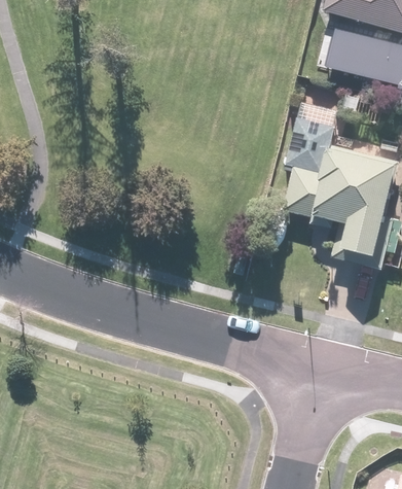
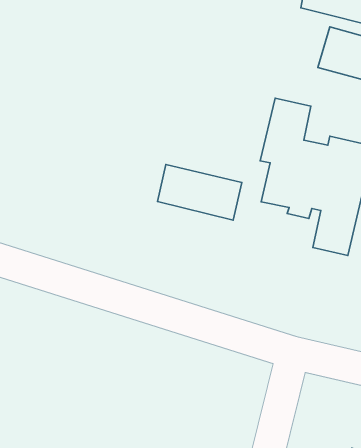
building: none -> [158,164,242,220]

